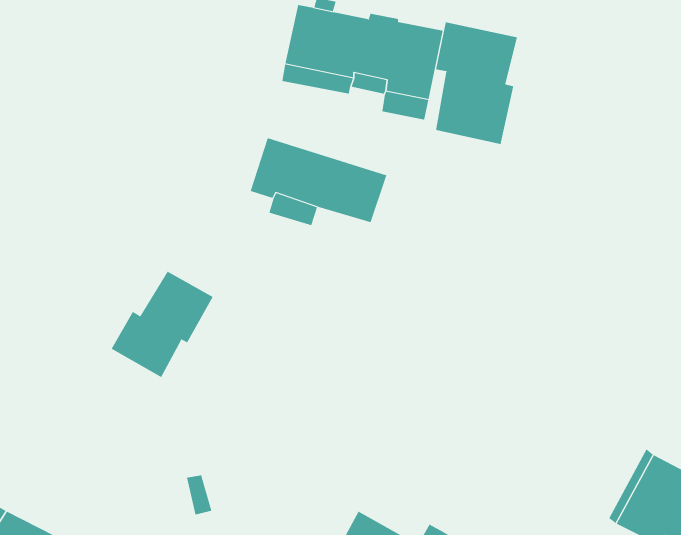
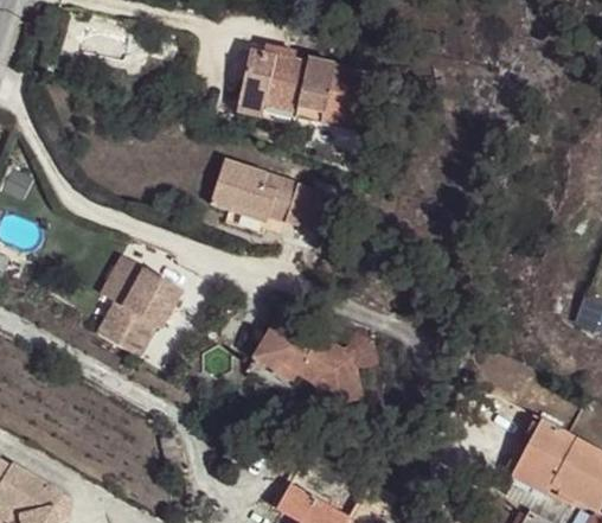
building: [435,21,517,145] -> none
building: none -> [100,255,143,305]
building: none -> [252,311,377,406]

